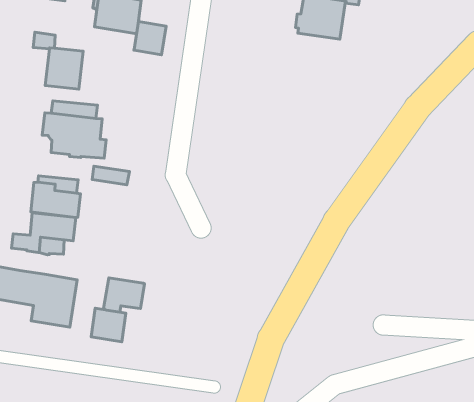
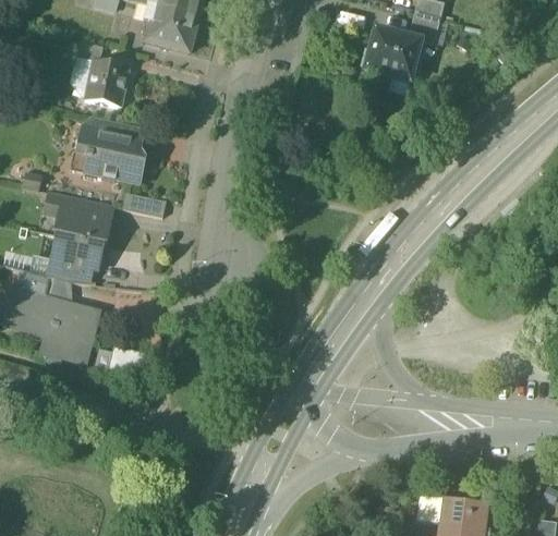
building: [134,22,166,55] -> none
building: none -> [36,275,68,303]
building: [104,278,145,312] -> none

